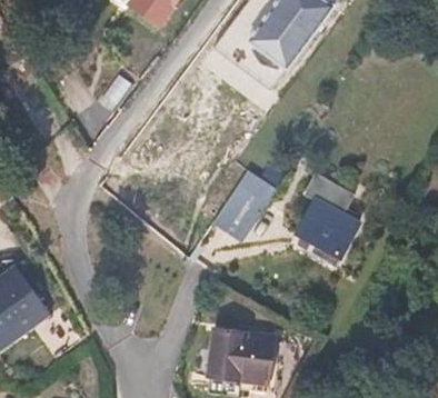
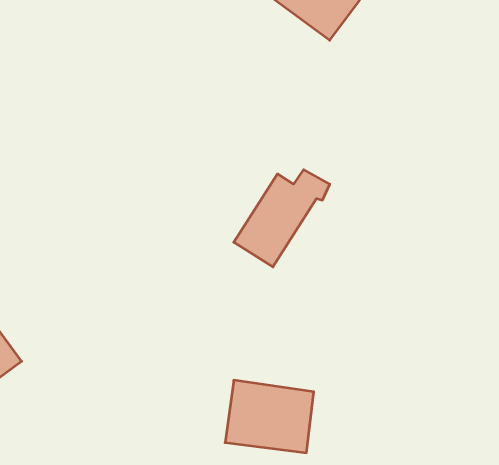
building: [296,173,359,257] -> none

